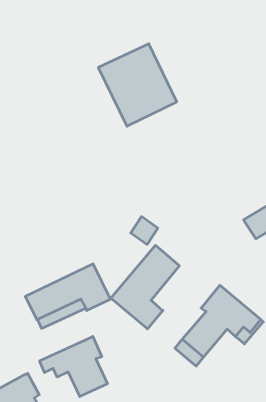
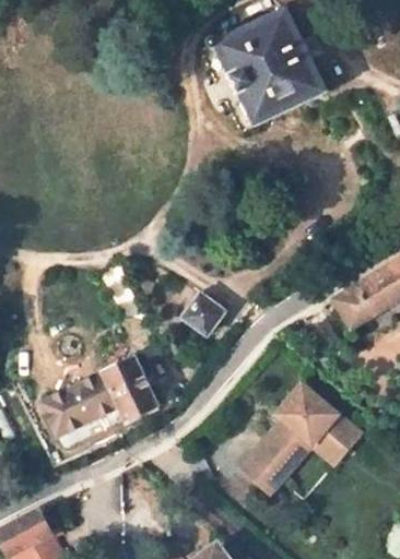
building: [98,44,177,126] -> [215,11,320,121]
building: [111,245,179,329] -> none
building: [40,336,107,397] -> none

